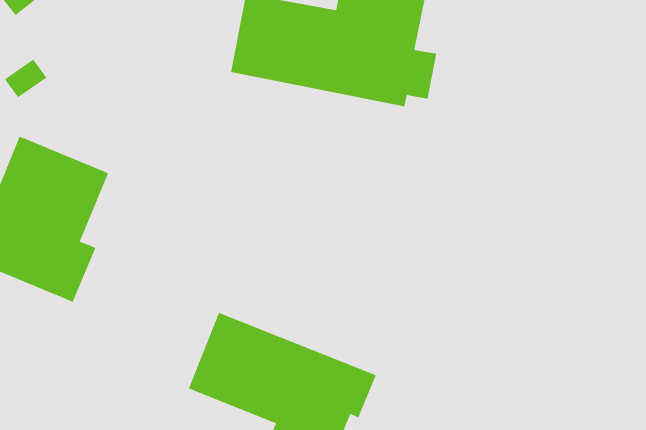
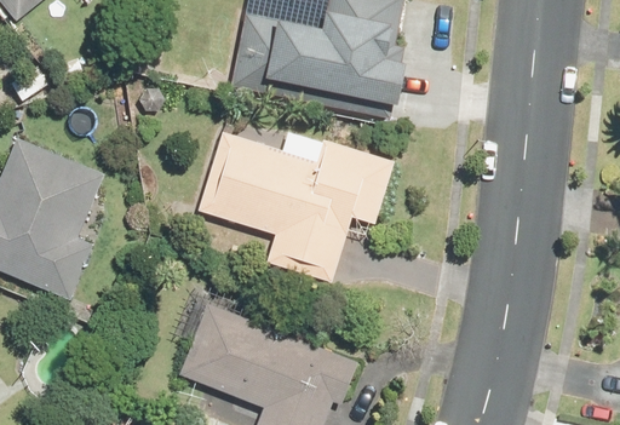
building: none -> [195,130,392,282]

